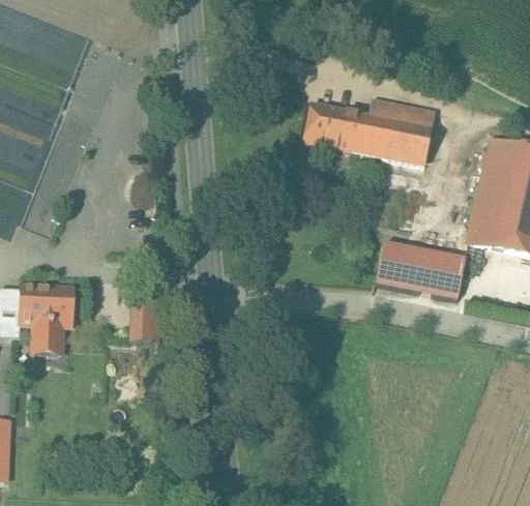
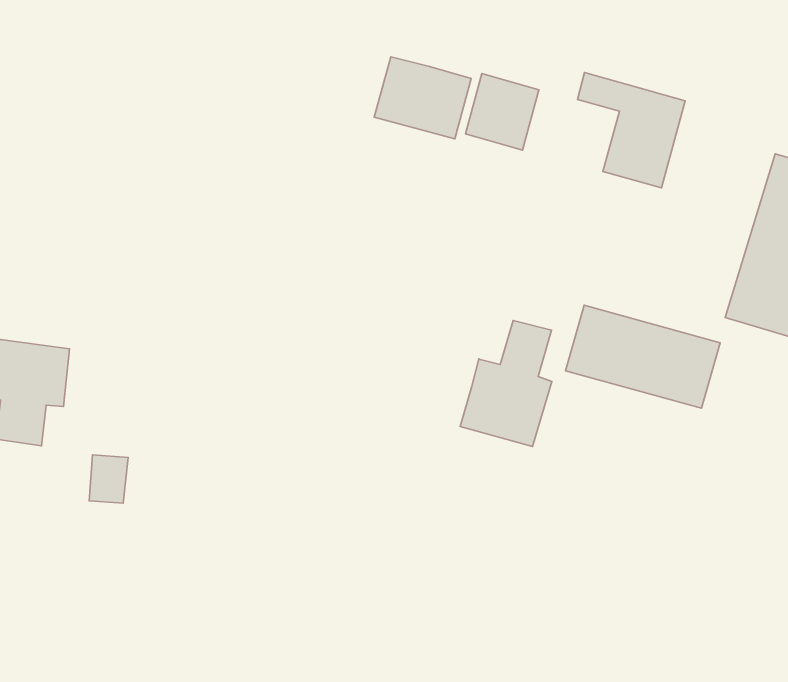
building: [338,111,395,157] -> [374,57,471,139]
building: none -> [460,320,552,447]
building: [129,311,151,339] -> [89,455,128,503]

